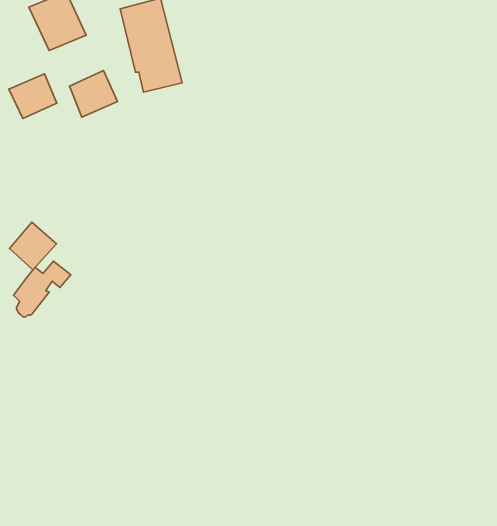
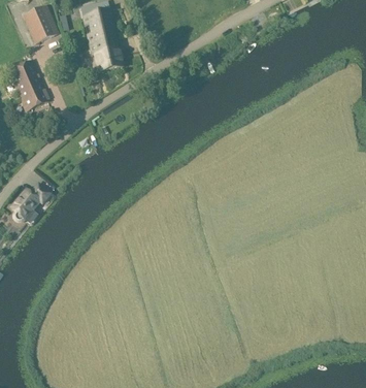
building: [69,71,117,117] -> [18,77,49,108]
building: [9,222,57,270] -> none

